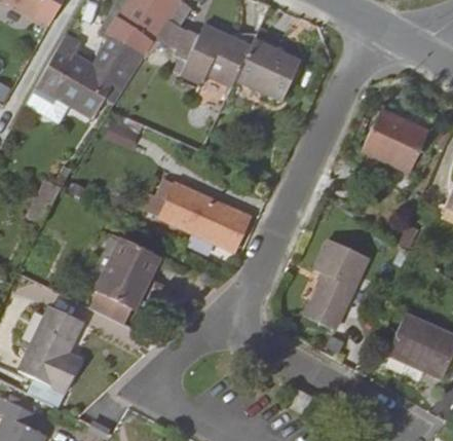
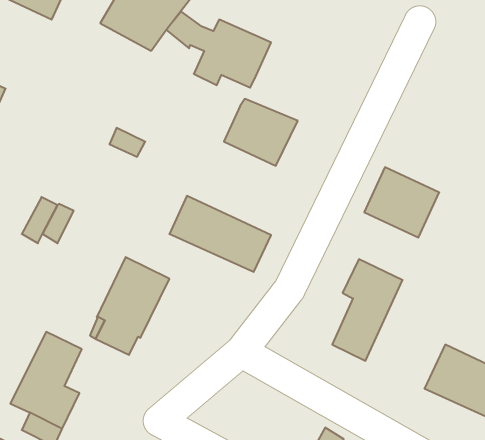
building: [26,33,144,122] -> none
building: [236,39,302,99] -> [224,99,298,166]
building: [363,109,429,172] -> [364,167,439,238]

